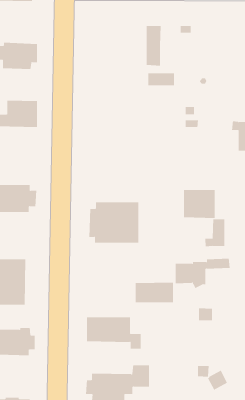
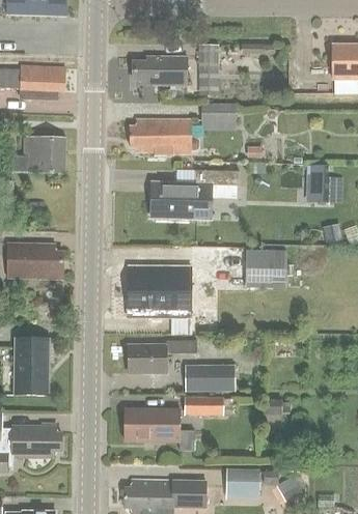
building: none -> [133,55,187,84]
building: none -> [130,117,199,153]
building: none -> [150,169,240,218]
building: [205,219,225,247] -> none
building: [175,258,230,289] -> [128,339,197,377]
building: none -> [185,397,223,415]
building: none -> [225,469,258,498]

